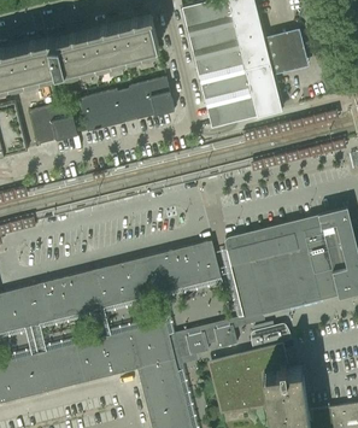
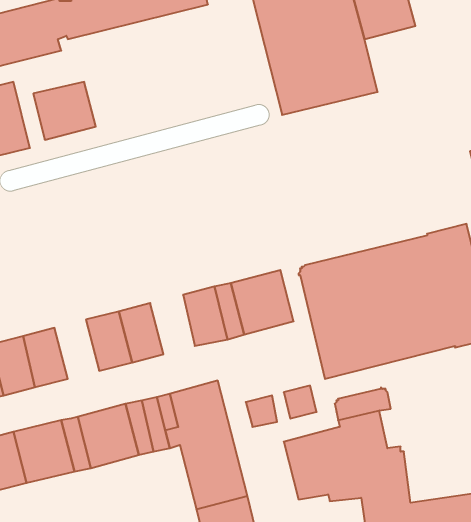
building: [78,78,174,133] -> none
building: [115,259,147,303] -> none
building: [45,277,77,321] -> none

